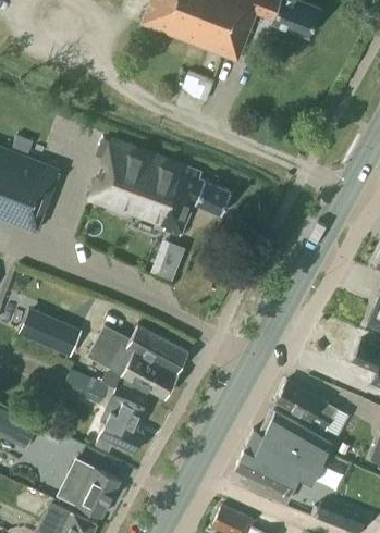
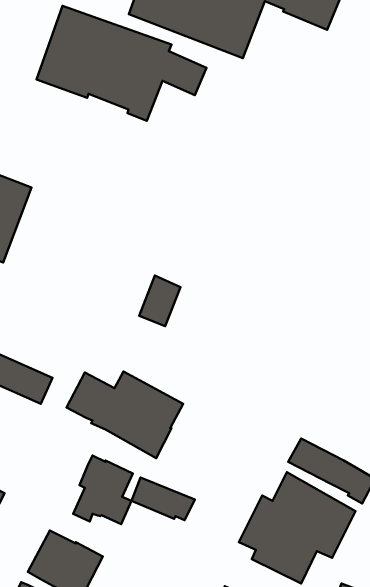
building: [89,140,232,237] -> [37,6,206,121]
building: [63,369,117,405] -> [131,477,195,520]

